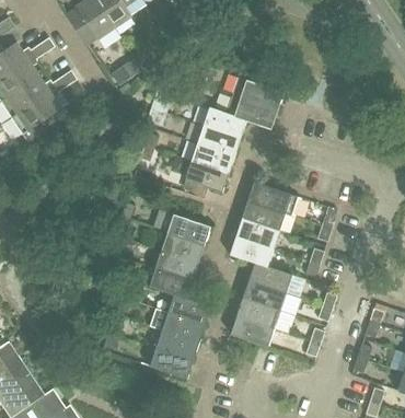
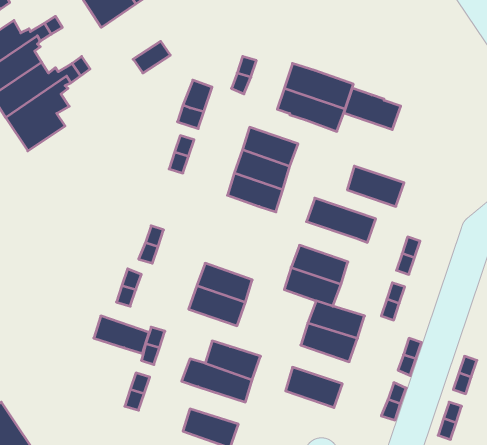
building: [202,107,247,140] -> [344,88,401,130]
building: [242,201,287,233] -> [347,166,404,206]
building: [167,214,211,247] -> none
building: [149,270,193,300] -> [94,316,149,353]
building: [236,299,281,329] -> none
building: [155,332,199,361] -> none

